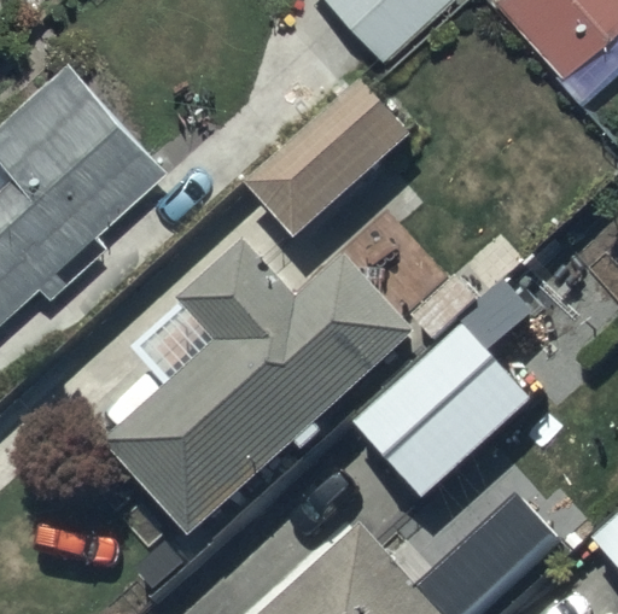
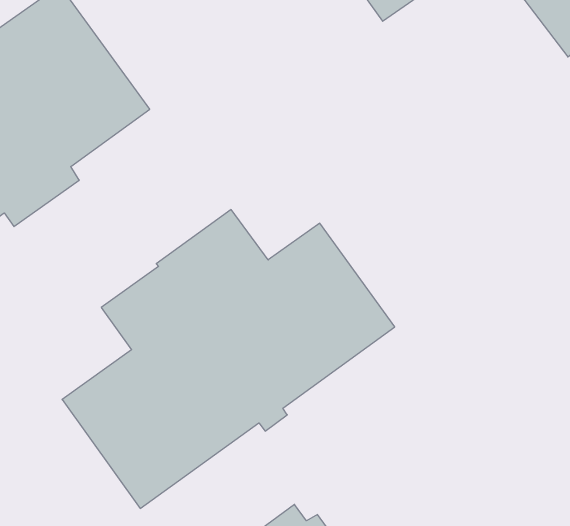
building: [243,76,412,240] -> none
building: [351,279,534,498] -> none

